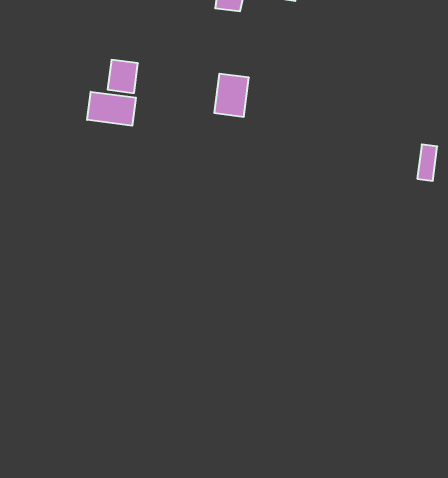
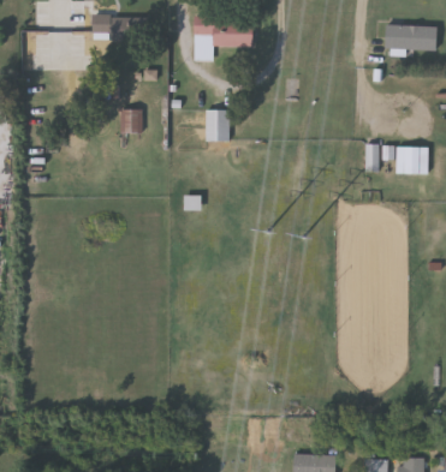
building: [87,92,136,126] -> none

